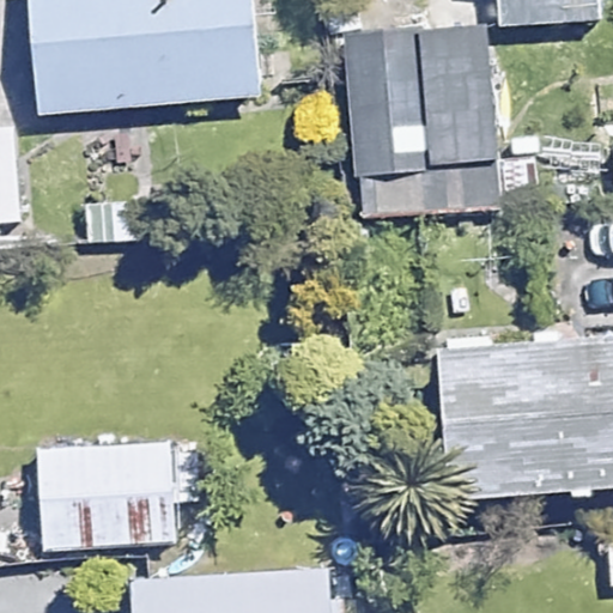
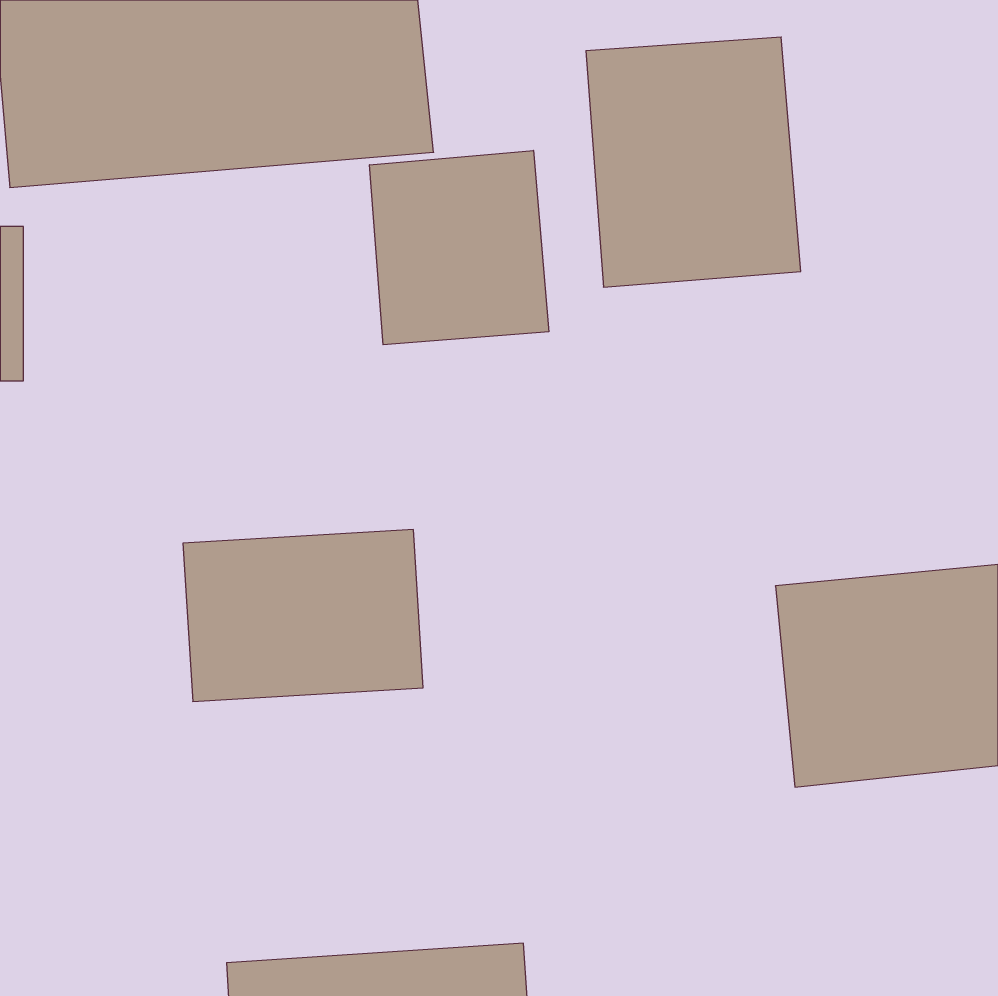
building: none -> [370,150,549,345]
building: [32,438,180,544] -> [183,530,423,701]

